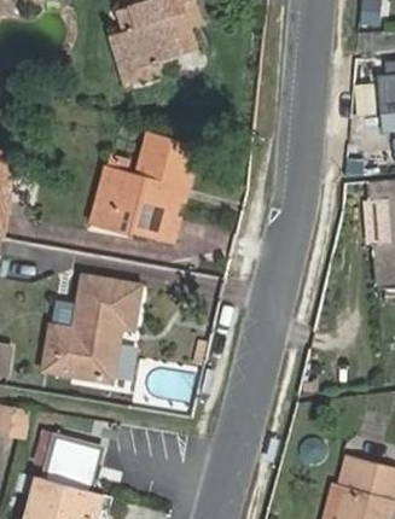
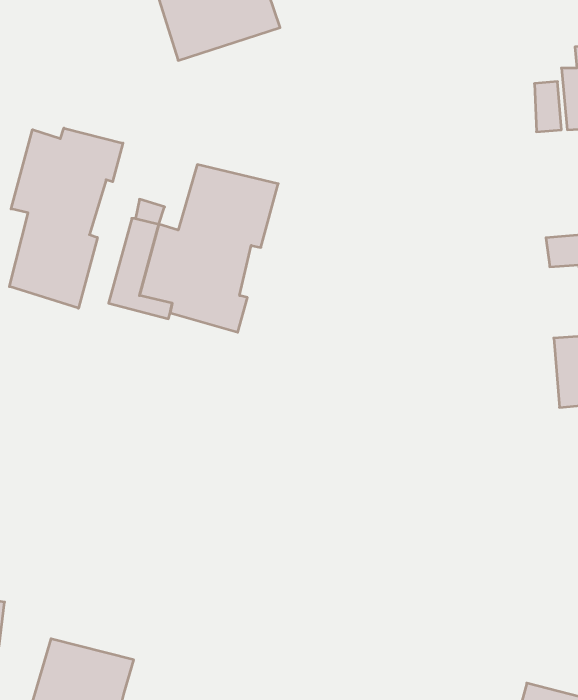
building: none -> [9,128,123,308]
building: [42,275,140,381] -> none

